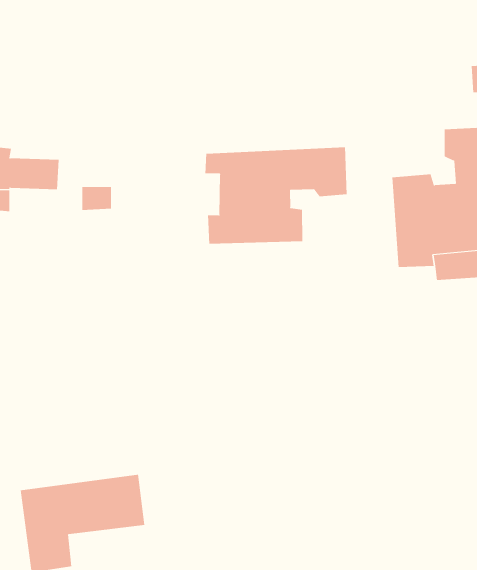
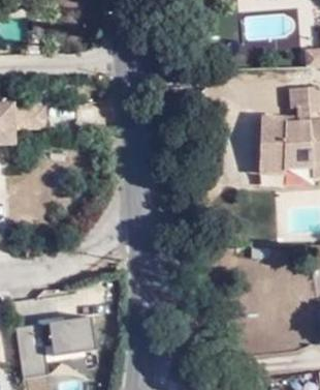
building: [205,146,347,245] -> none

